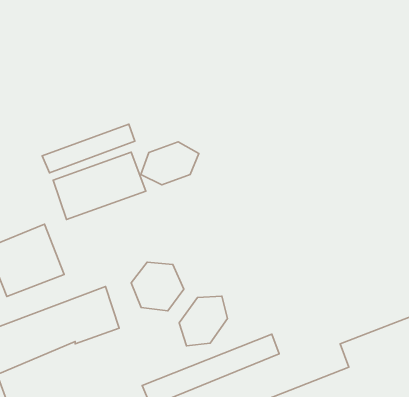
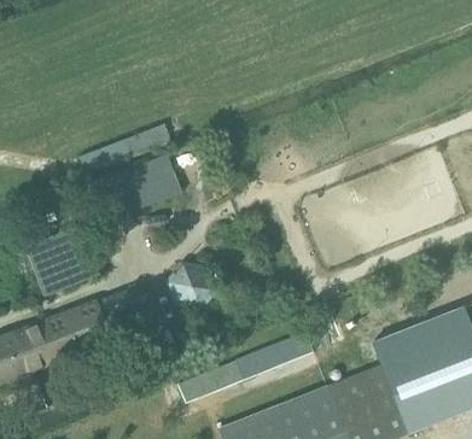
building: [141,142,199,185] -> none
building: [179,296,227,346] -> none

